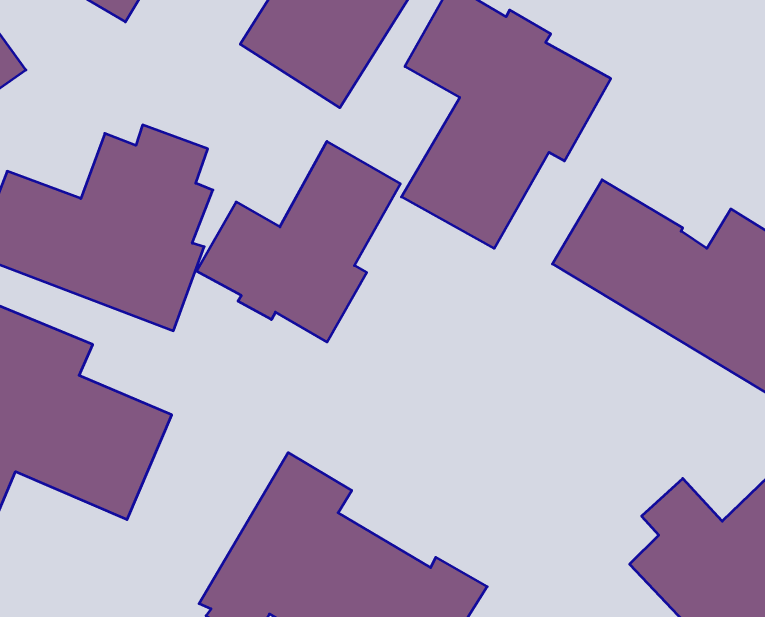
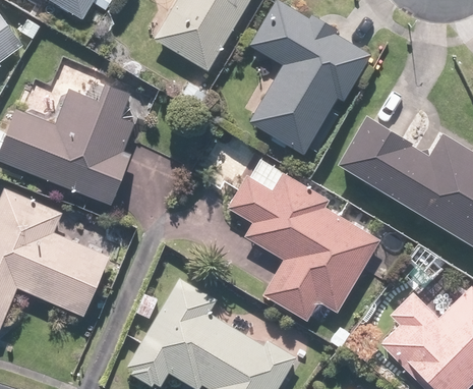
building: [196,141,400,342] -> none
building: none -> [230,158,379,320]

